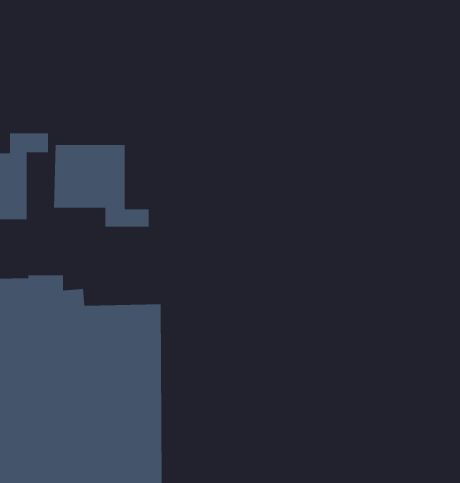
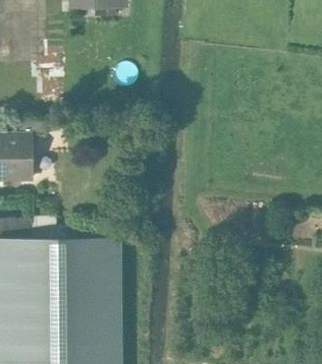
building: [53,144,149,227] -> none

